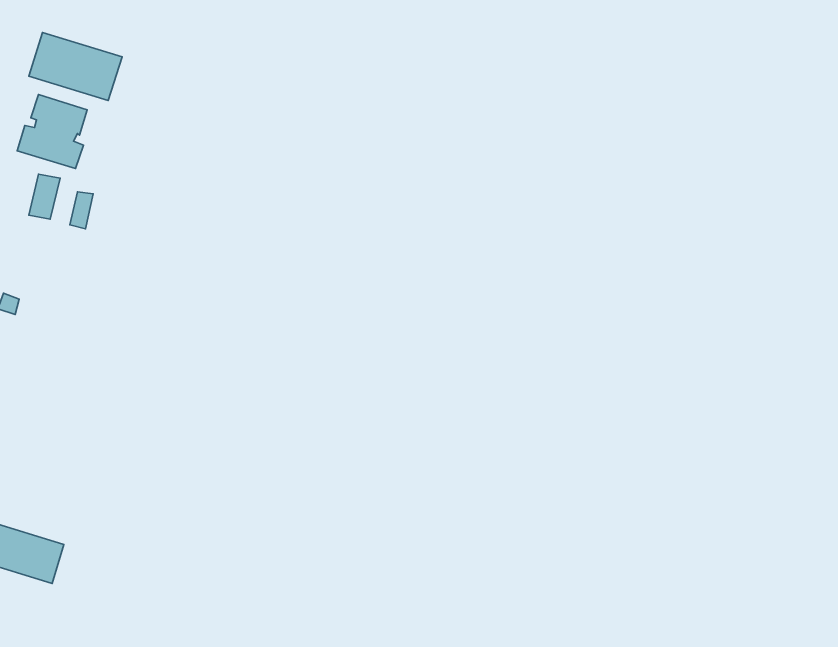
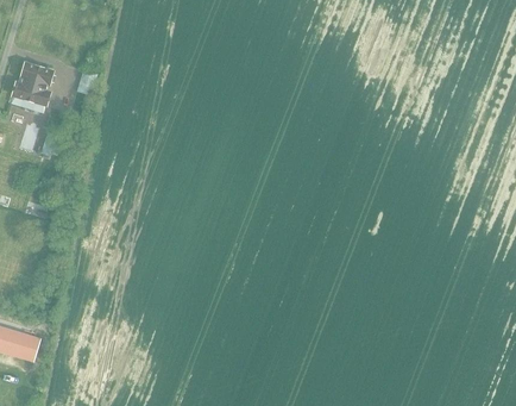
building: [29,32,122,101] -> none

